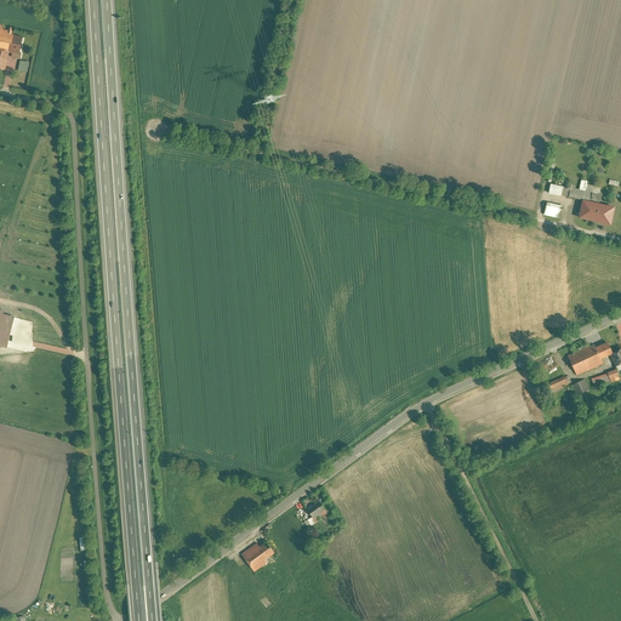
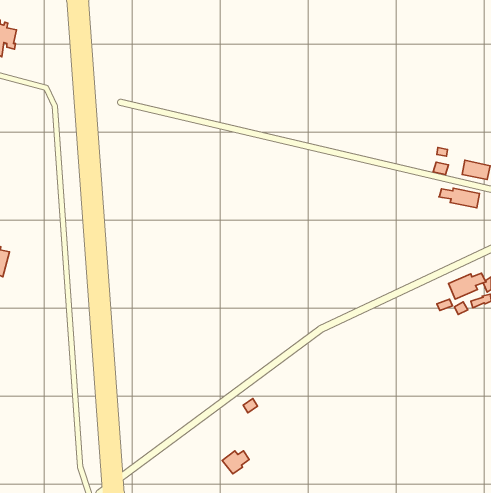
building: none -> [439,188,480,208]
building: [239,542,273,571] -> [222,451,249,474]

